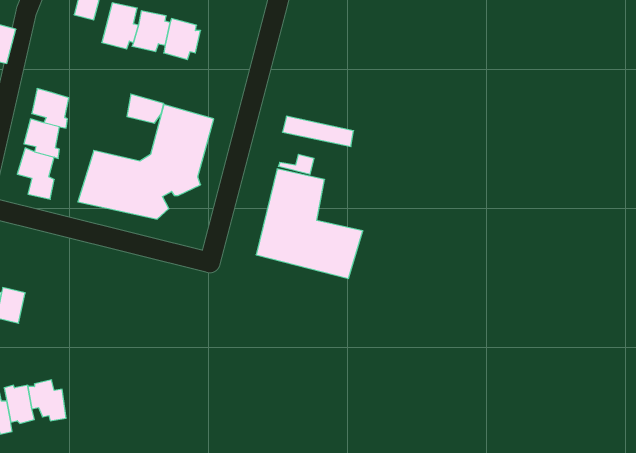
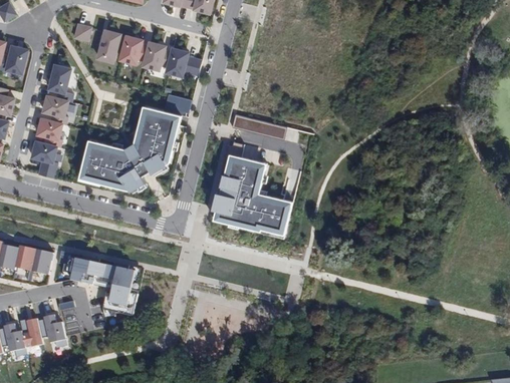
building: none -> [164,45,201,77]
building: none -> [47,62,75,101]
building: [127,94,164,123] -> [165,92,193,114]
building: none -> [31,249,54,275]
building: none -> [58,252,145,315]

